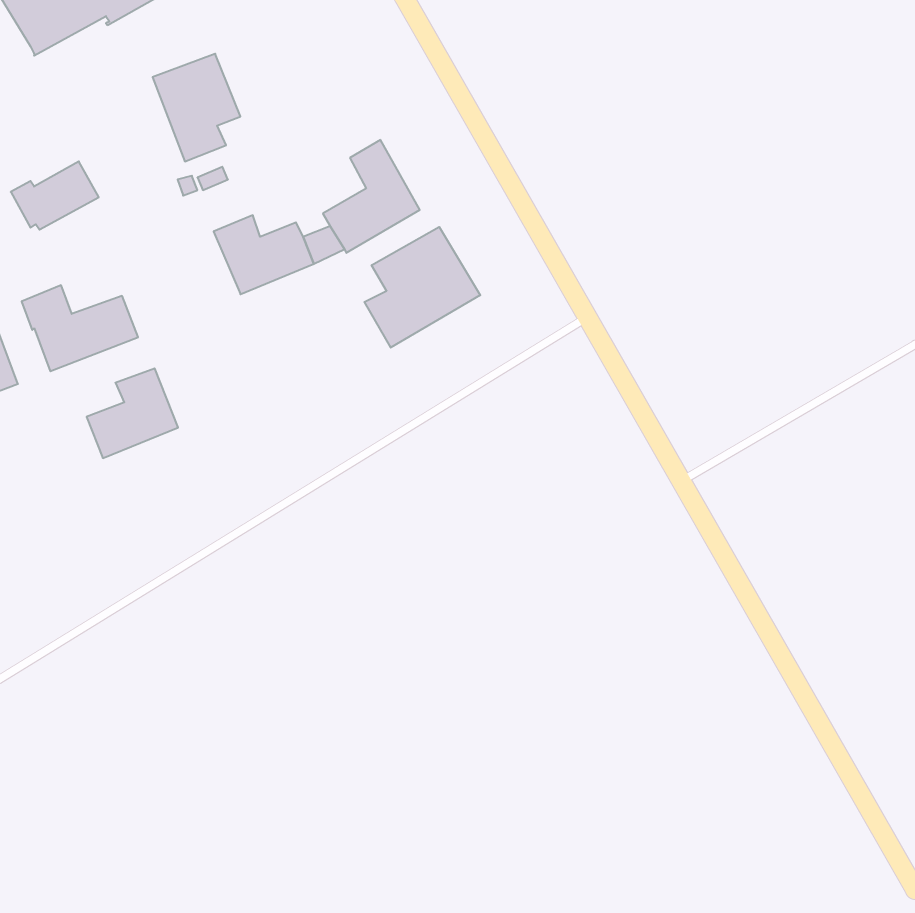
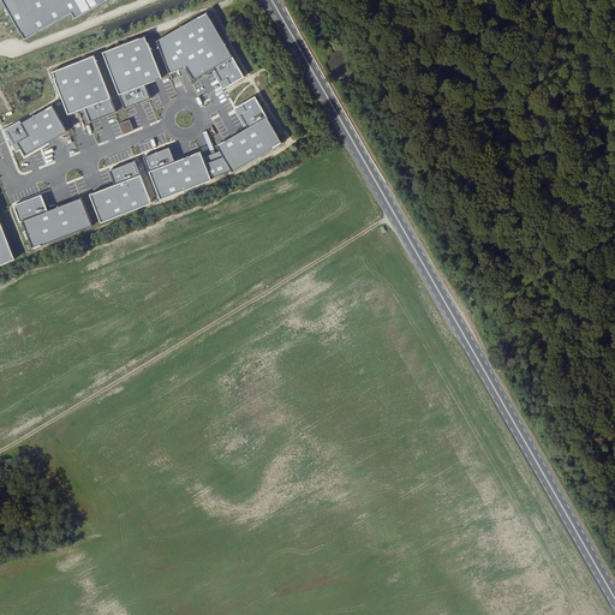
building: none -> [157,12,245,89]
building: none -> [53,54,115,118]
building: [364,227,480,348] -> none
building: [87,368,178,458] -> [90,160,151,220]

